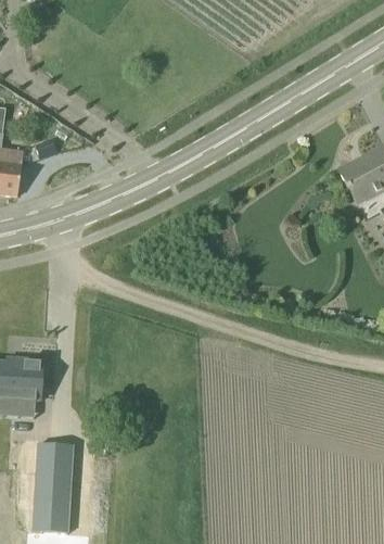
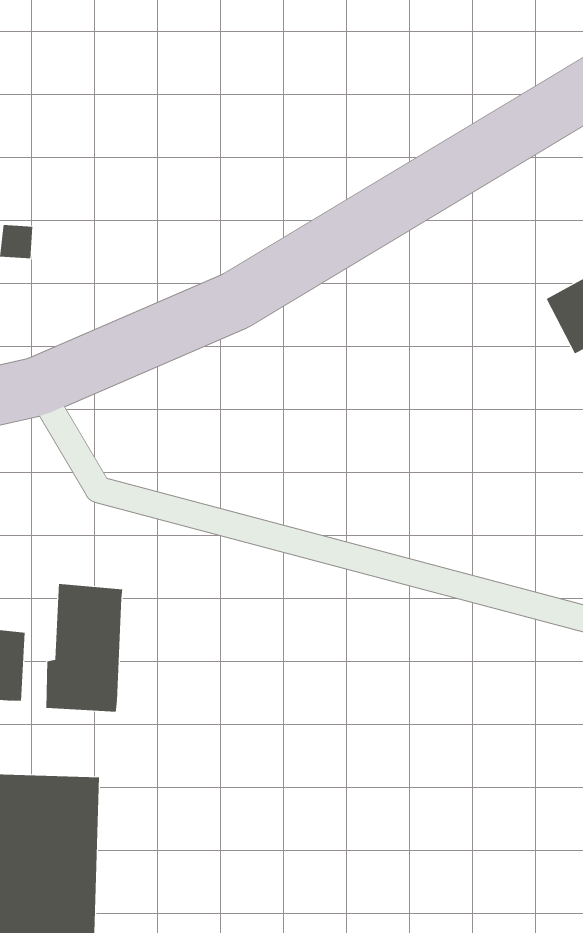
building: none -> [46,583,123,712]

